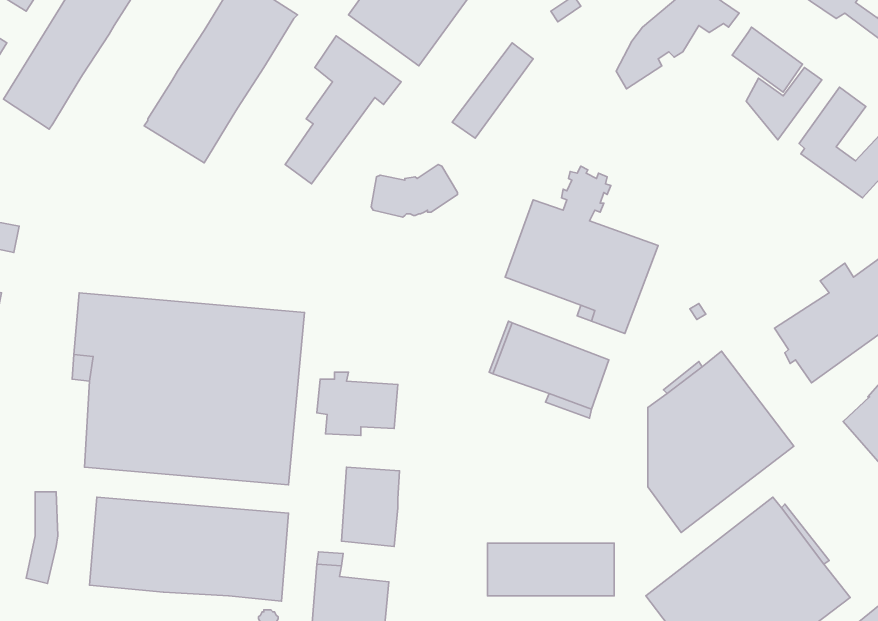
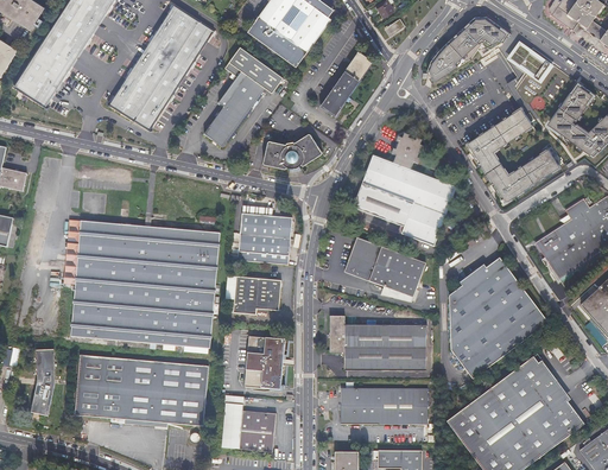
building: none -> [466,106,558,201]
building: none -> [239,214,292,265]
building: none -> [331,317,428,370]

